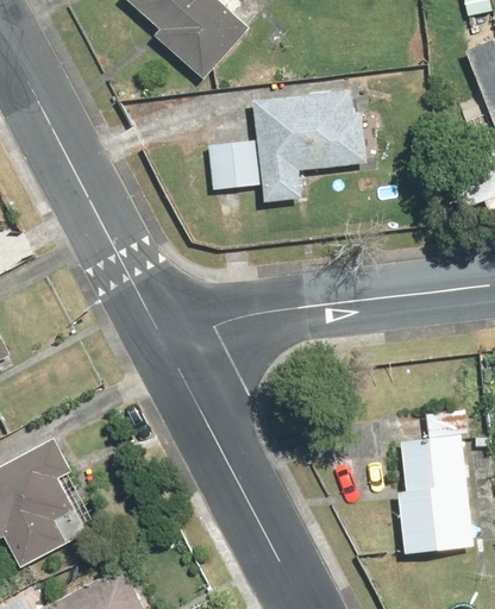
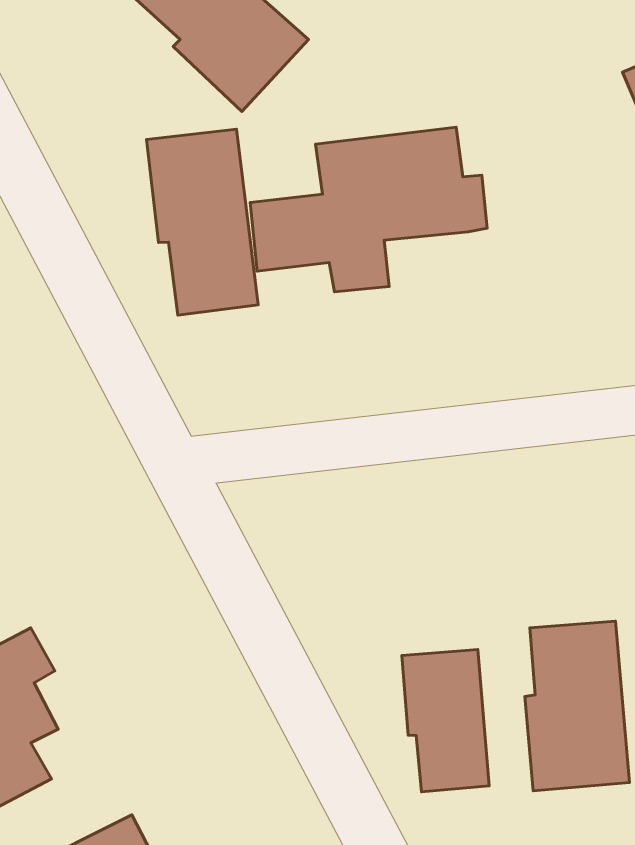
building: none -> [147,129,258,315]
building: none -> [402,649,489,792]

